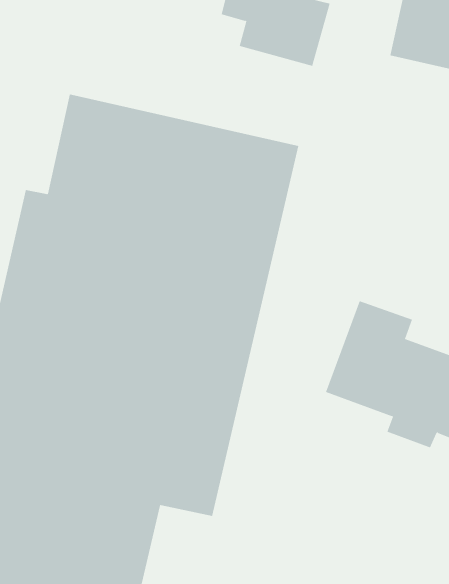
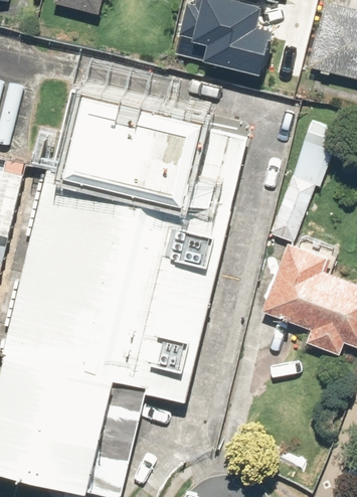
building: none -> [271,120,342,244]

